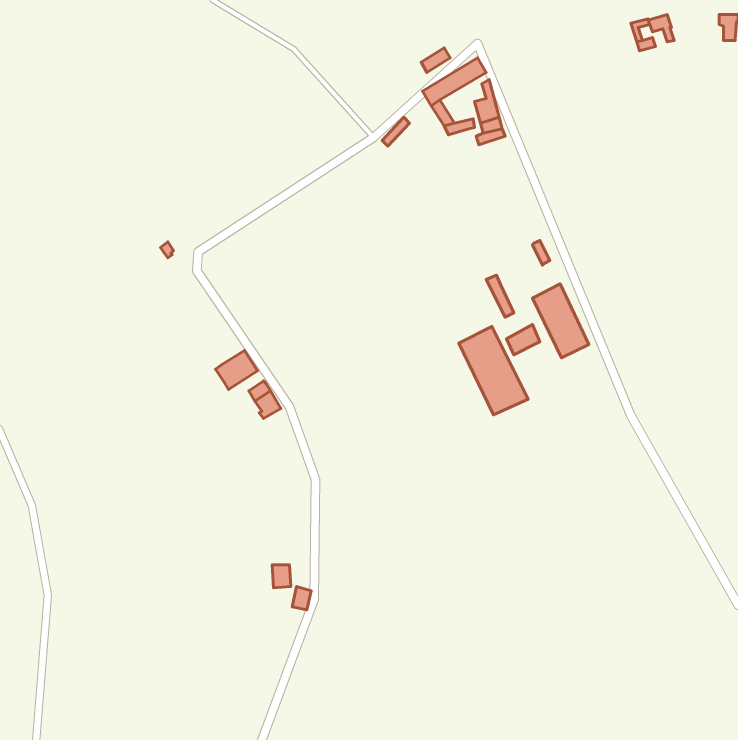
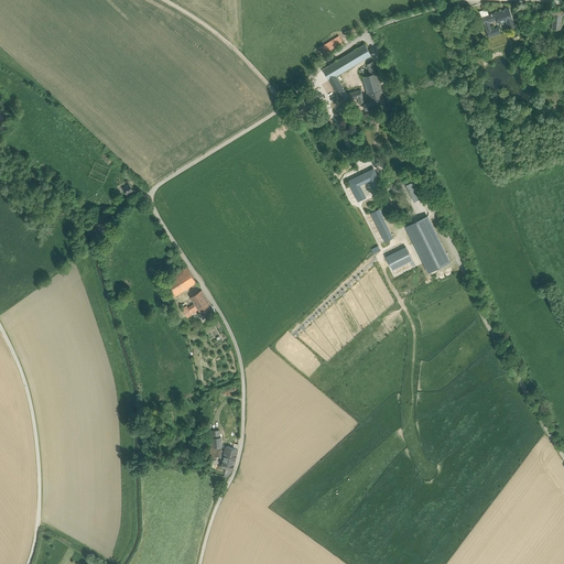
building: none -> [347,169,382,202]
building: [459,327,528,415] -> none

